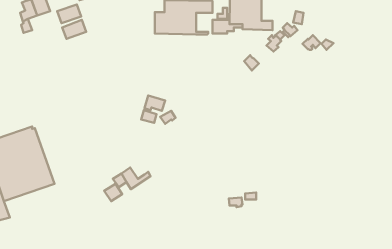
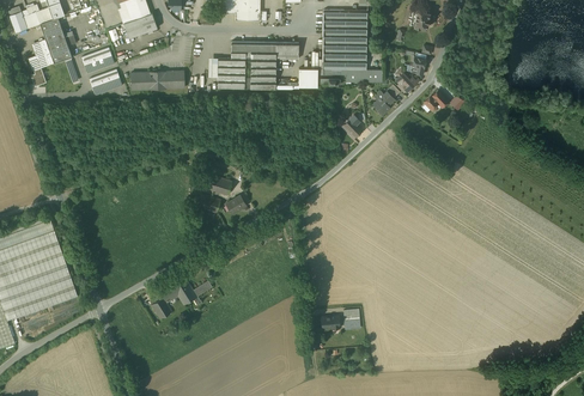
building: none -> [130,72,184,90]

